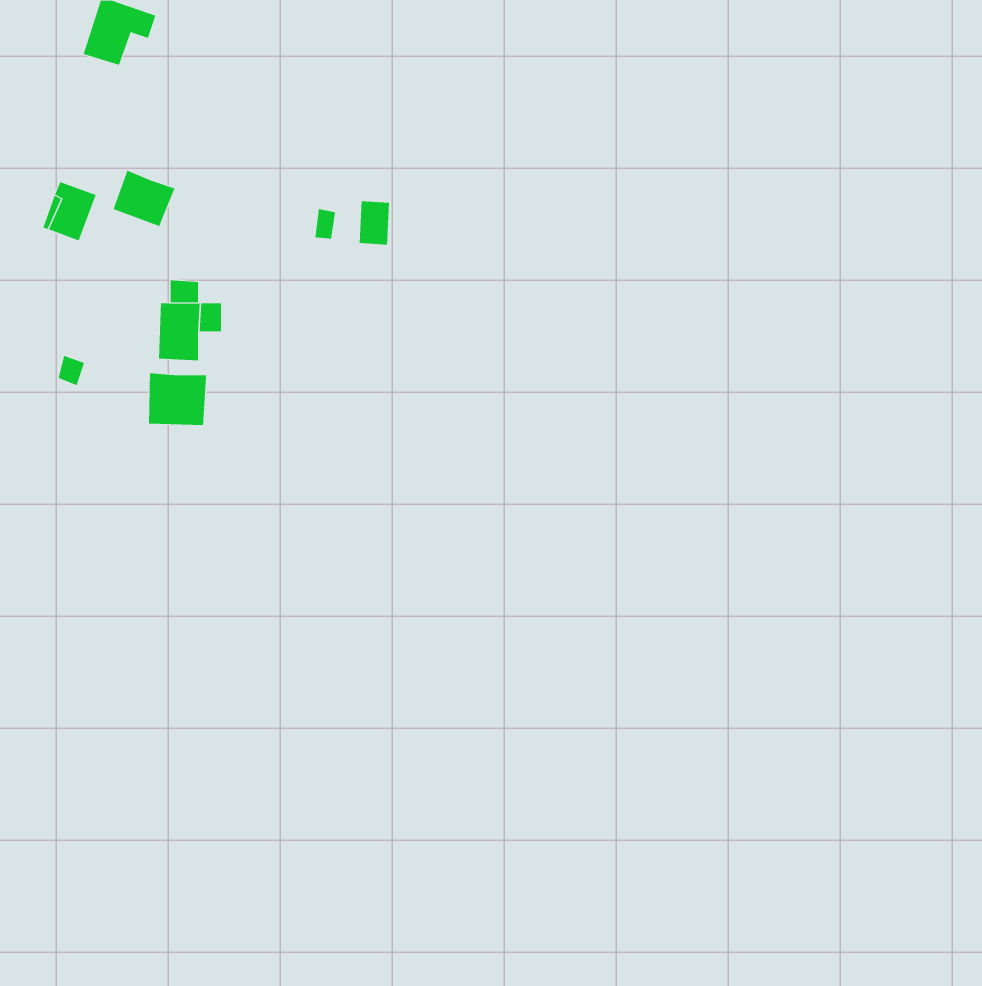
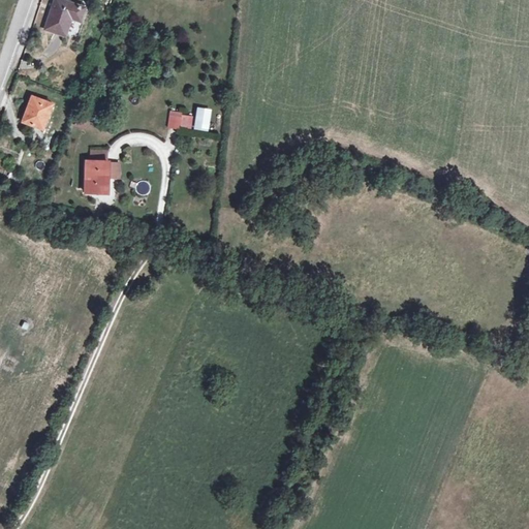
building: [113,170,175,227] -> none
building: [148,373,207,426] -> none

